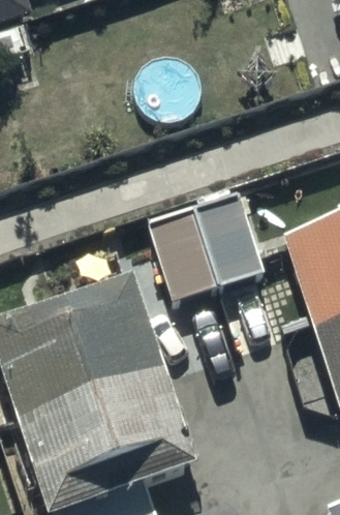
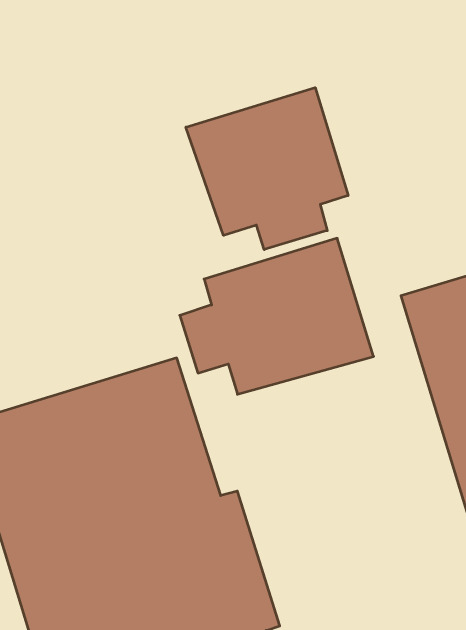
building: none -> [186,88,348,250]

